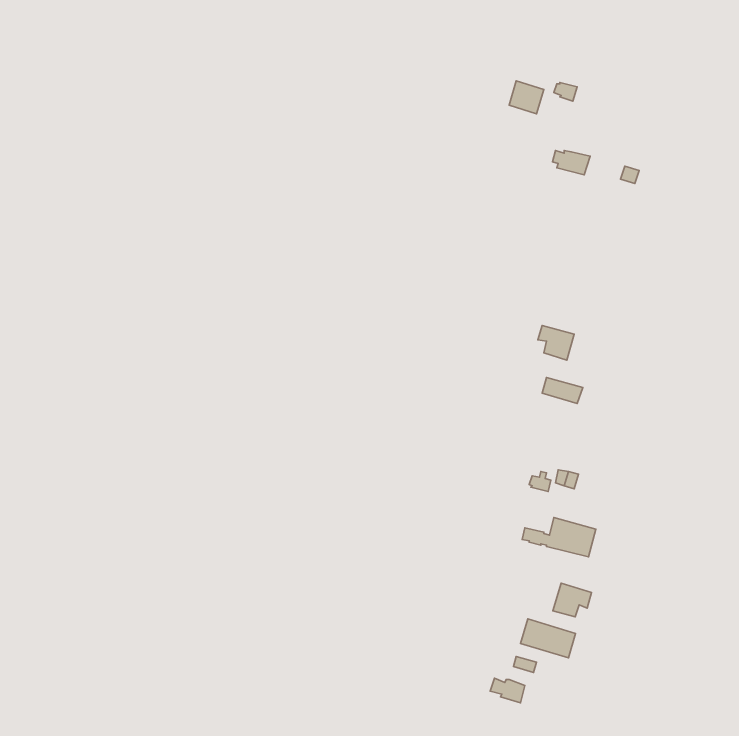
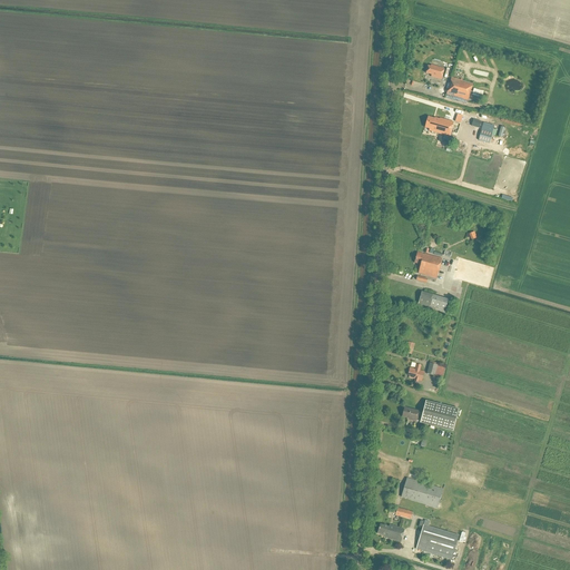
building: [509,81,544,114] -> [446,75,473,100]
building: [553,583,591,617] -> none
building: none -> [416,523,459,558]

